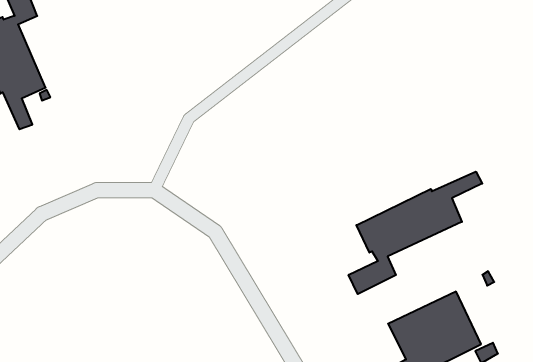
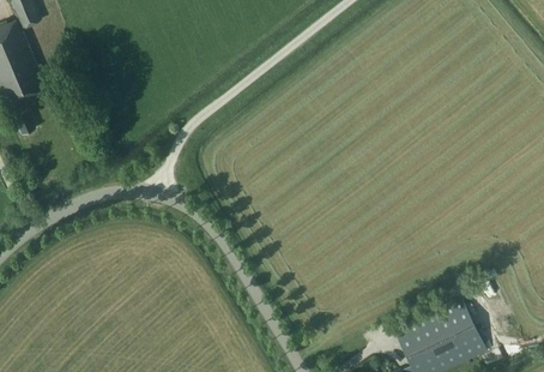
building: [349,172,482,294] -> none

